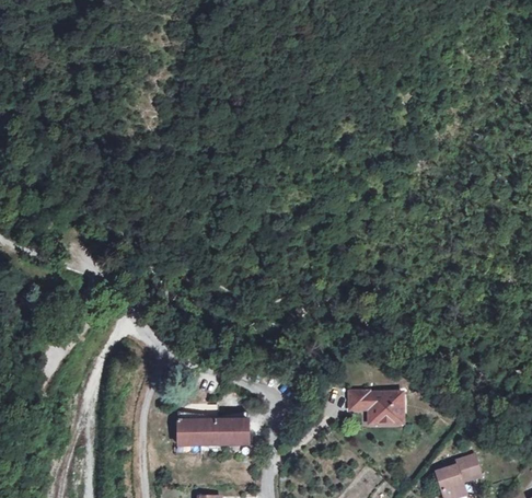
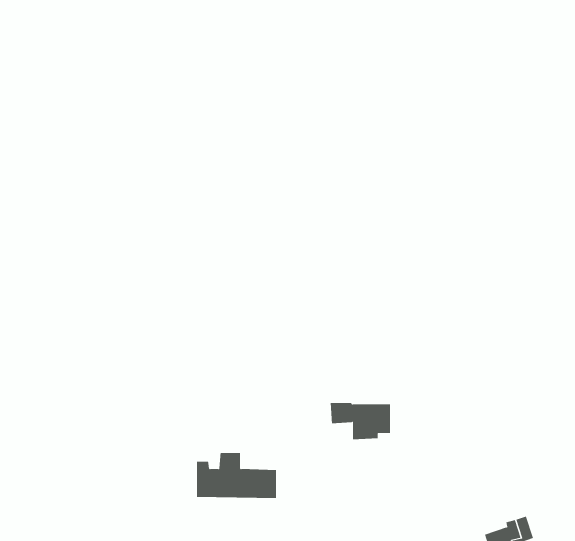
building: [348,393,402,426] -> [330,403,391,440]

